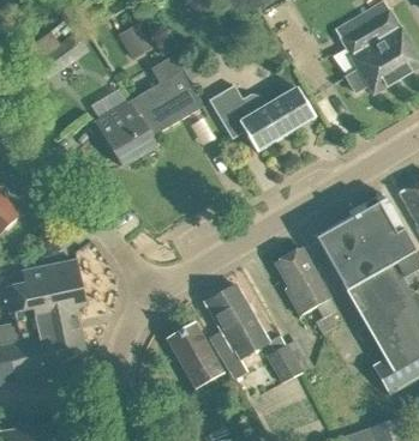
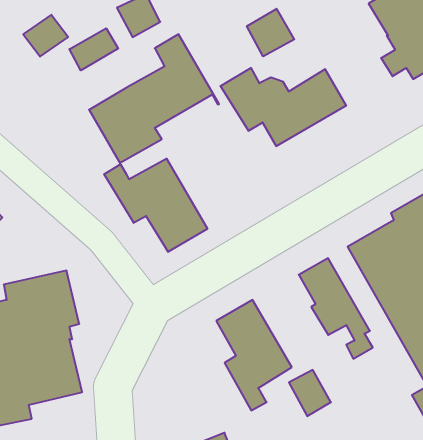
building: none -> [247,9,294,56]
building: none -> [69,28,118,70]
building: none -> [104,159,207,252]
building: [167,320,223,388] -> none

